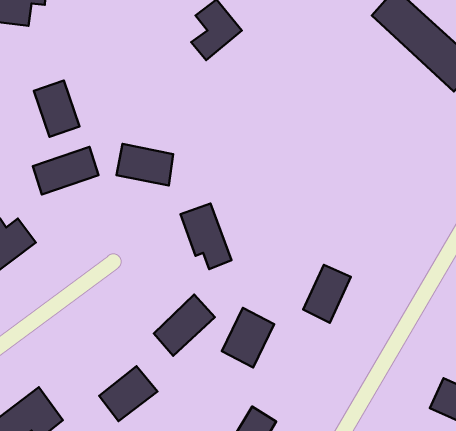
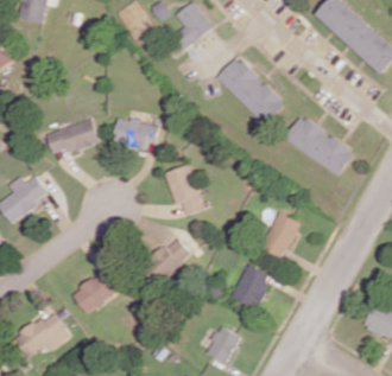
building: none -> [216,56,284,125]
building: [34,80,79,137] -> none
building: none -> [284,115,355,176]
building: [222,308,274,367] -> [230,262,272,310]
building: [99,366,157,421] -> [71,270,118,314]

